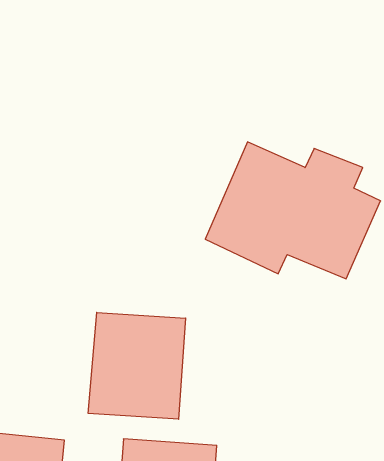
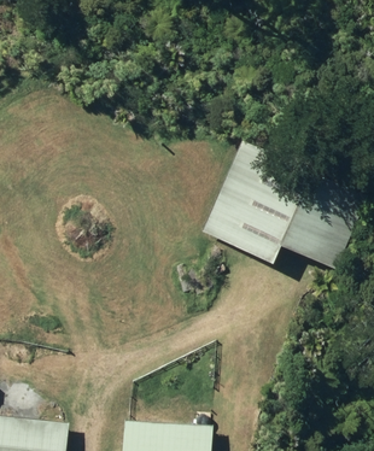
building: [88,312,186,419] -> none

